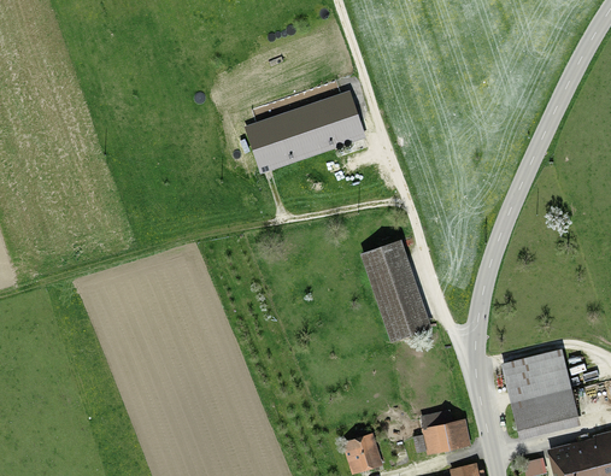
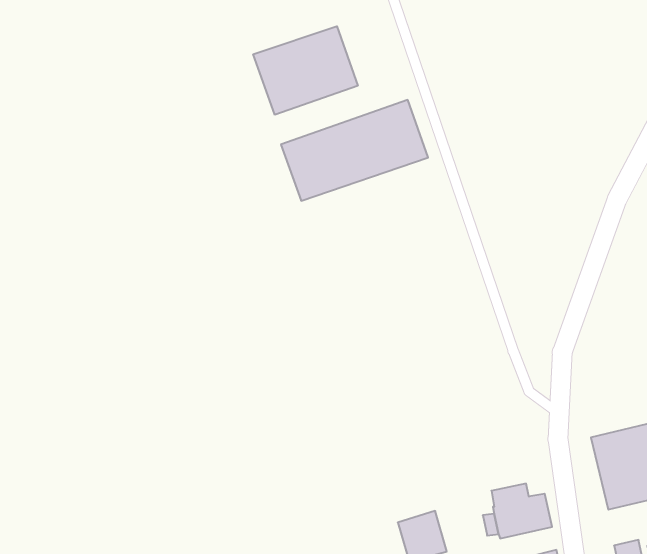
building: none -> [253,26,358,115]
building: [359,237,431,341] -> none

